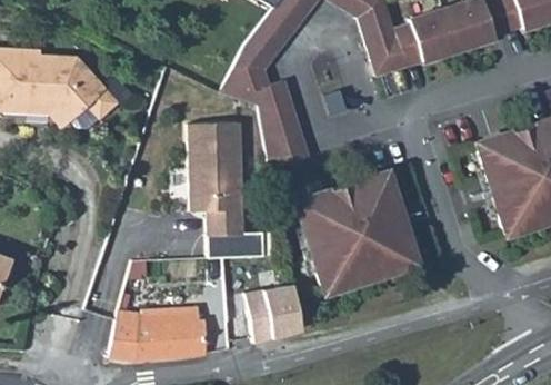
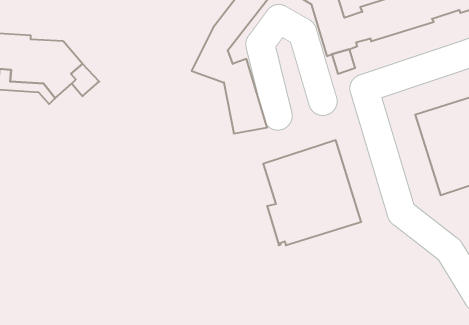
building: [190,121,267,257] -> none
building: [243,282,299,342] -> none
building: [110,320,208,362] -> none

